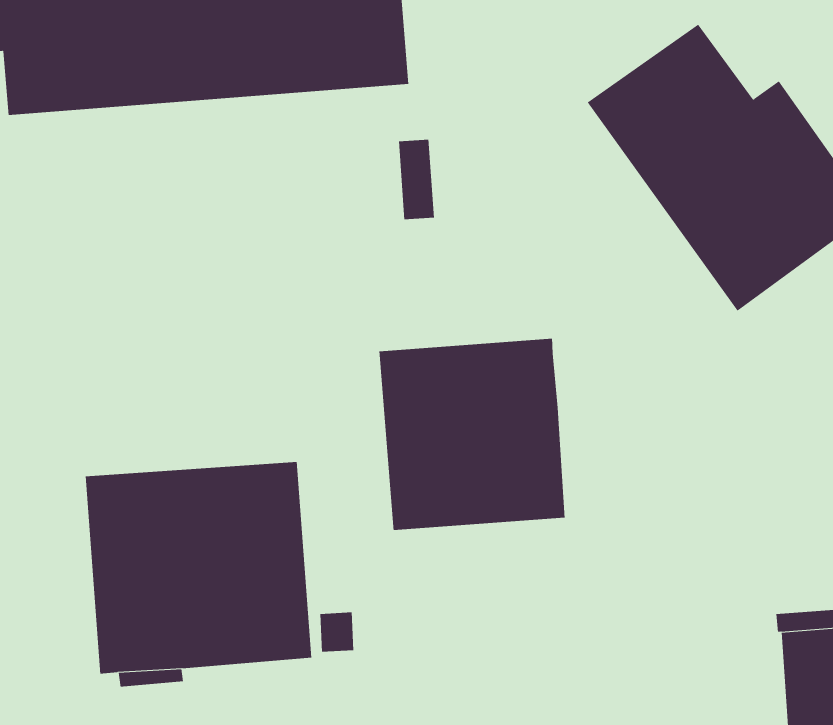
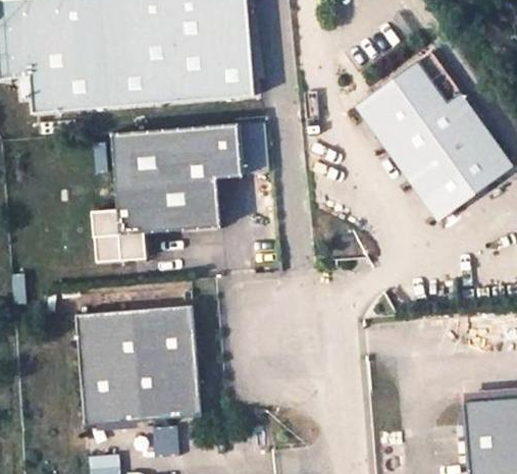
building: none -> [93,122,244,262]
building: [379,338,565,531] -> none

